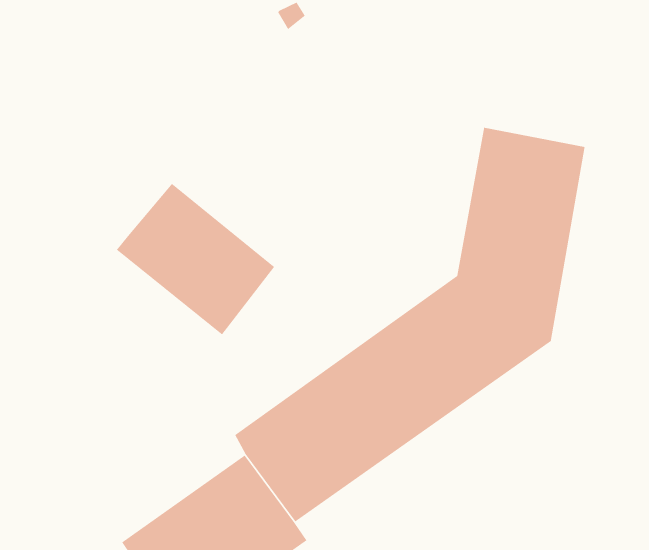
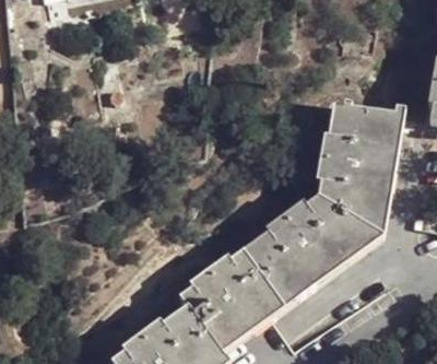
building: [116,183,275,335] -> none

